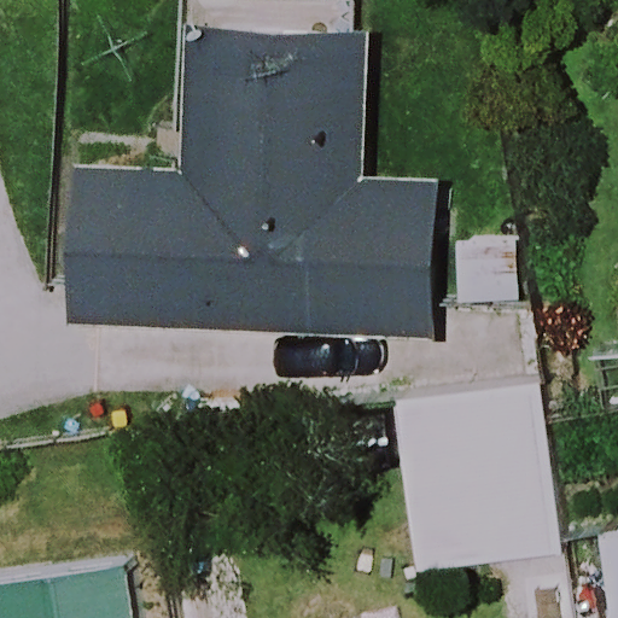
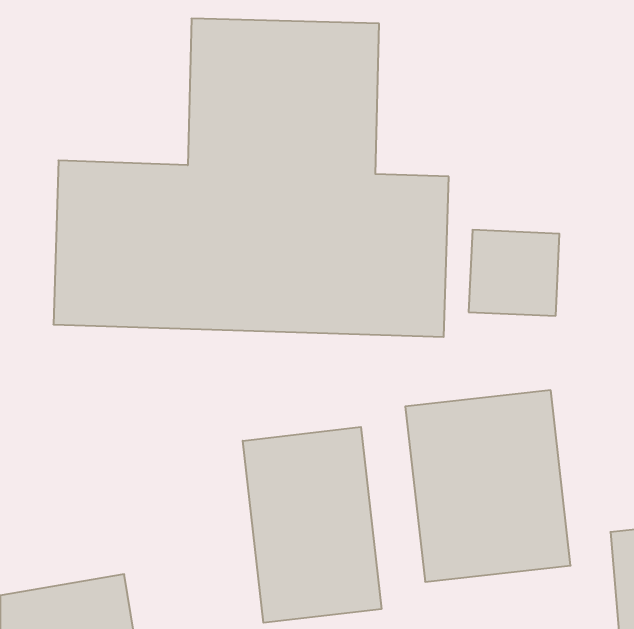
building: none -> [243,427,381,623]

